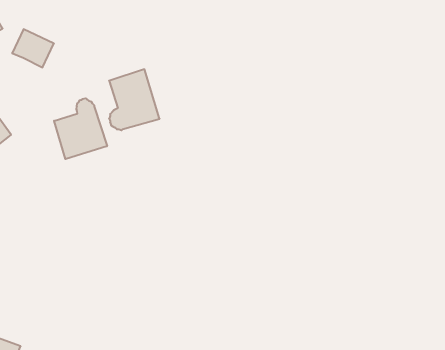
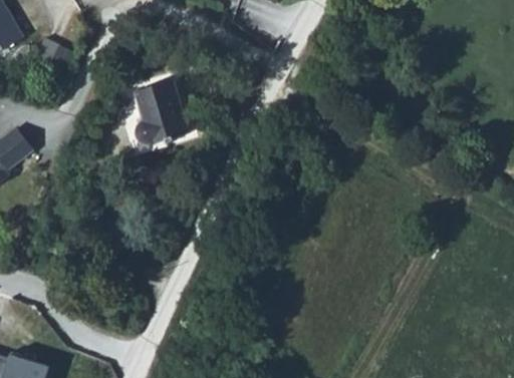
building: [54,98,107,159] -> none

